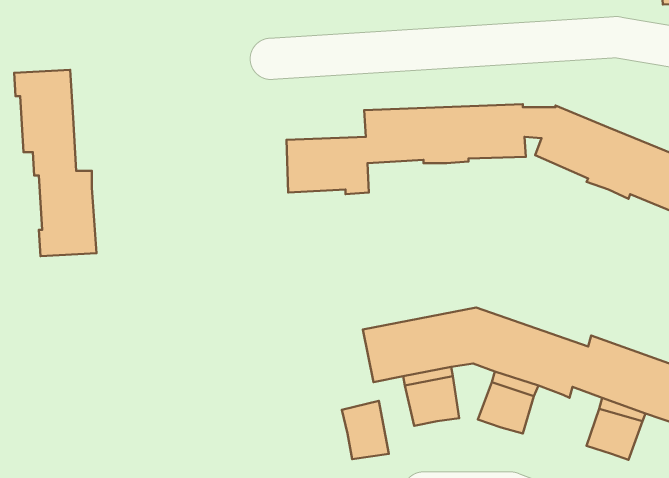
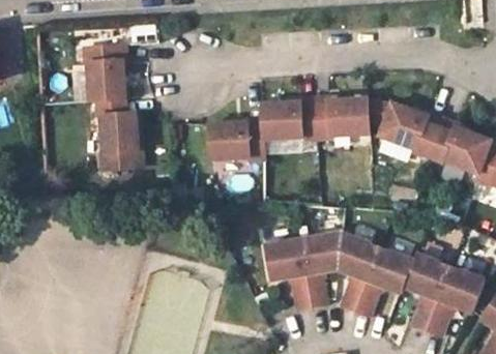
building: [14,70,96,256] -> [85,46,140,170]
building: [342,401,389,459] -> none

